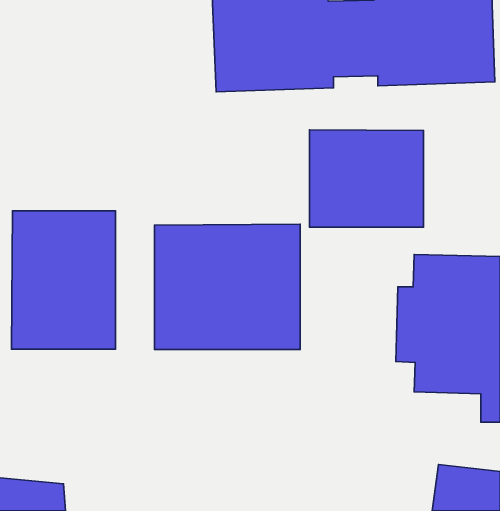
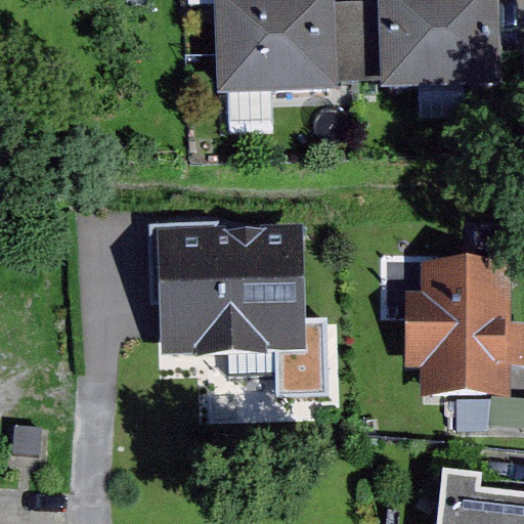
building: [309,130,424,227] -> none
building: [12,211,116,349] -> none

